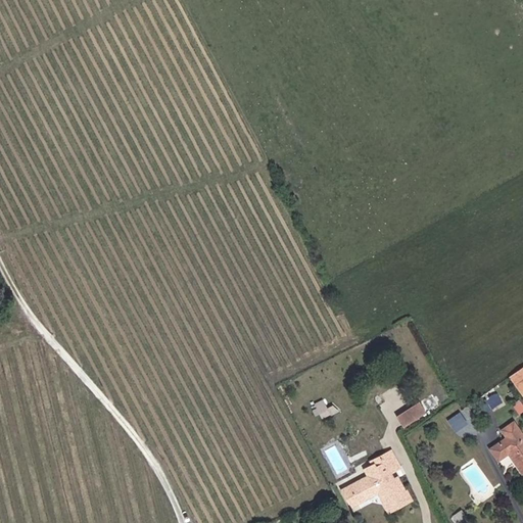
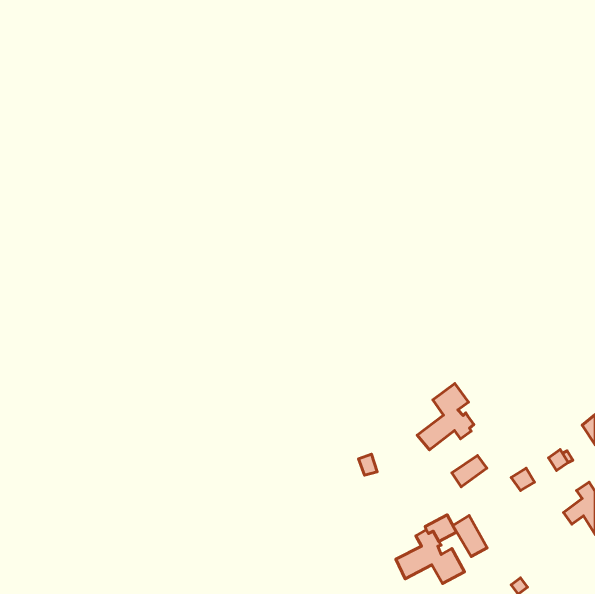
building: none -> [417,383,474,450]
building: none -> [453,515,487,557]

